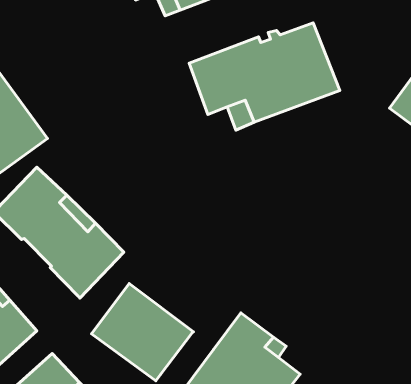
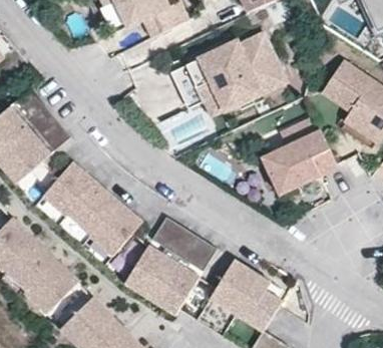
building: none -> [263,130,339,195]
building: none -> [145,213,211,268]

